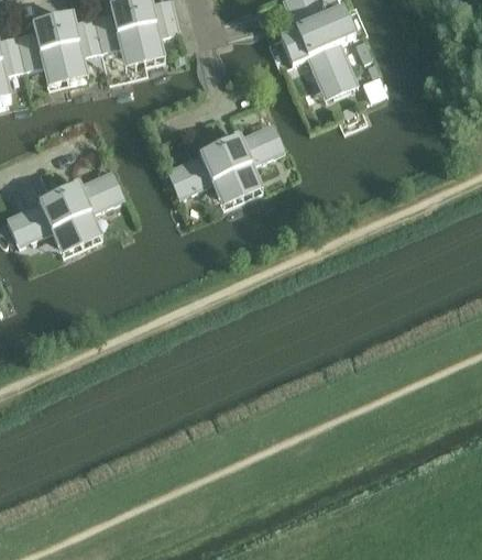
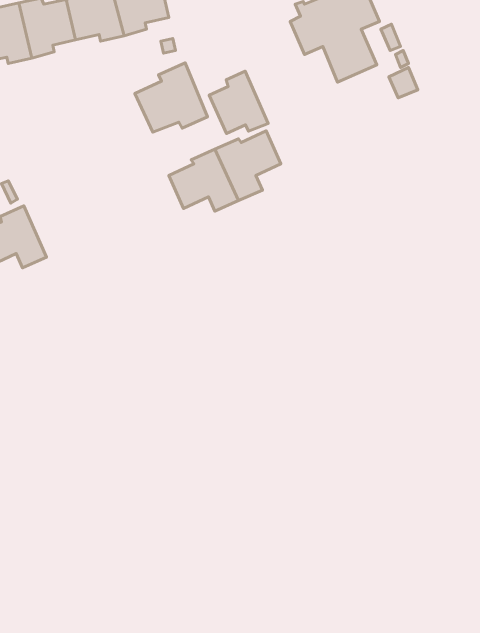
building: none -> [135,63,207,132]
building: none -> [209,71,268,133]
building: [58,177,113,234] -> none

